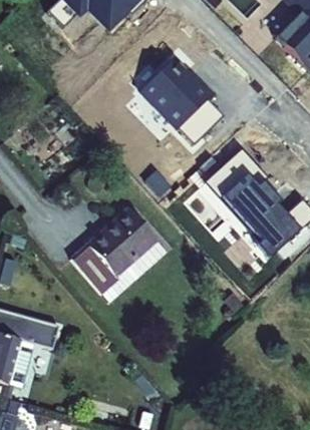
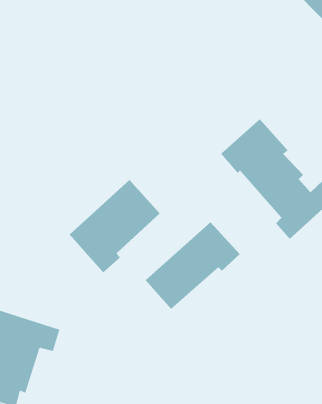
building: [139,59,222,142] -> none
building: none -> [145,222,241,310]

